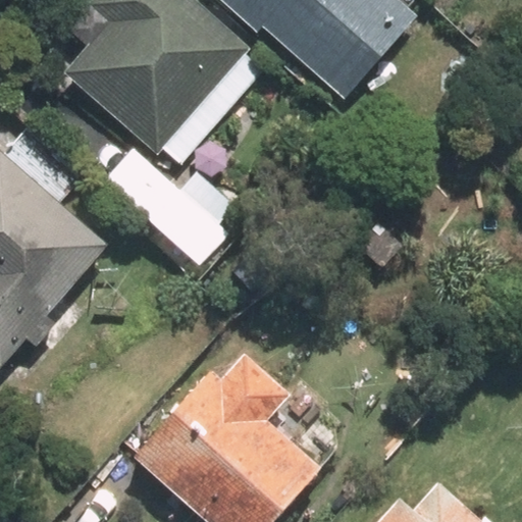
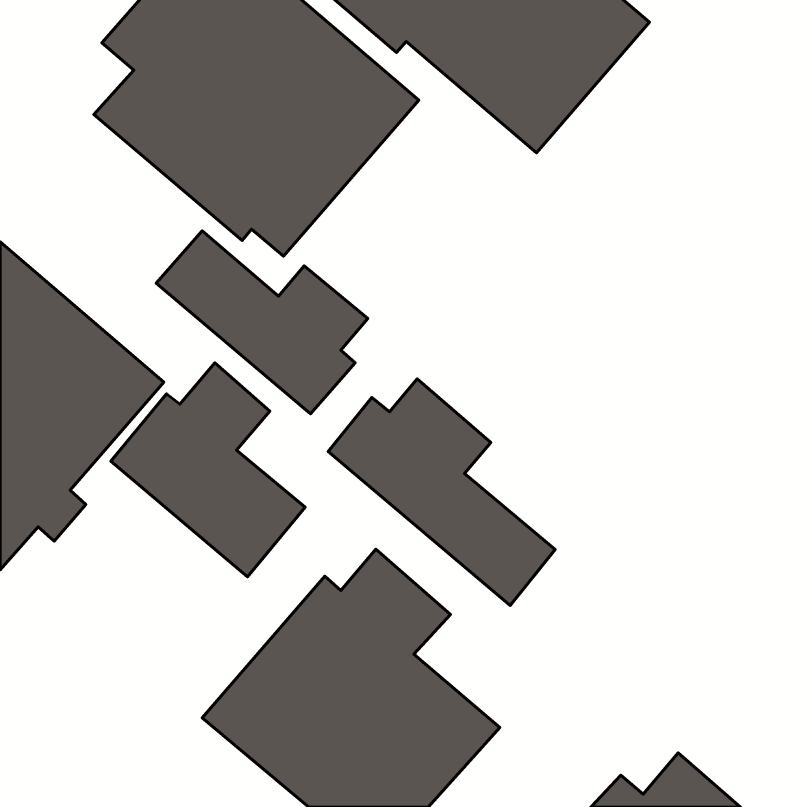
building: none -> [111,363,305,577]
building: none -> [328,379,555,605]

